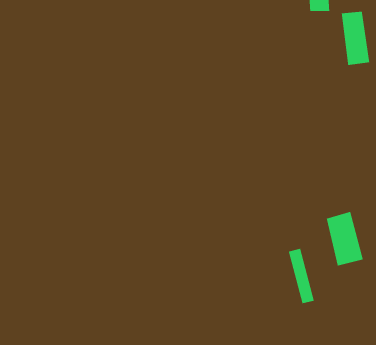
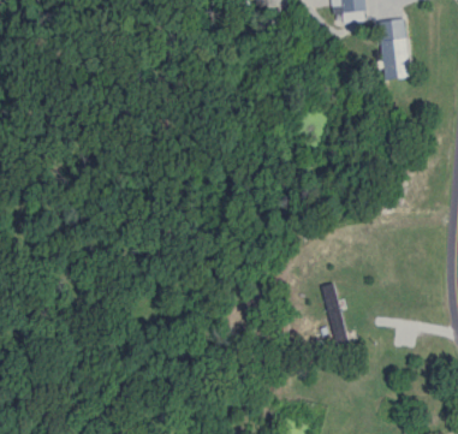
building: [326,211,364,267] -> none

